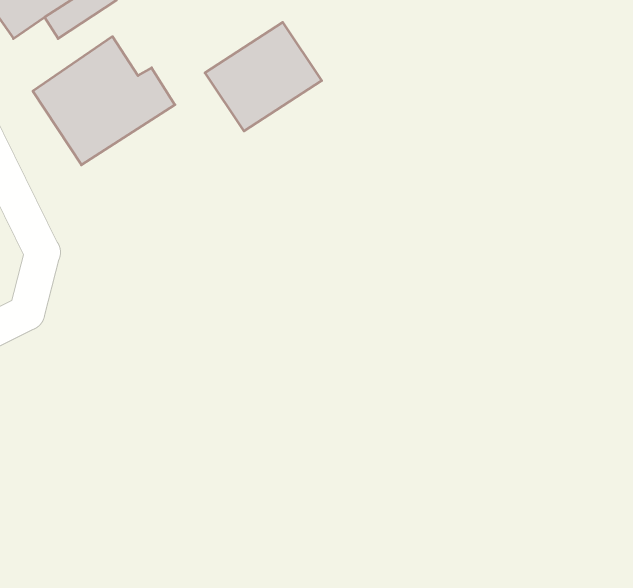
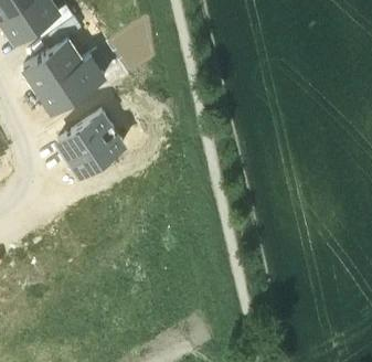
building: [205,22,322,131] -> [57,115,124,177]

